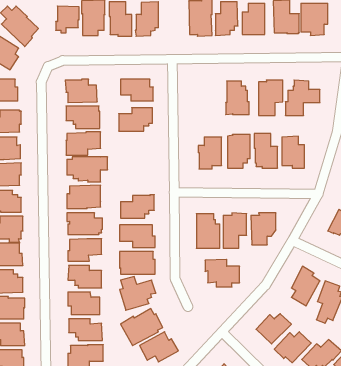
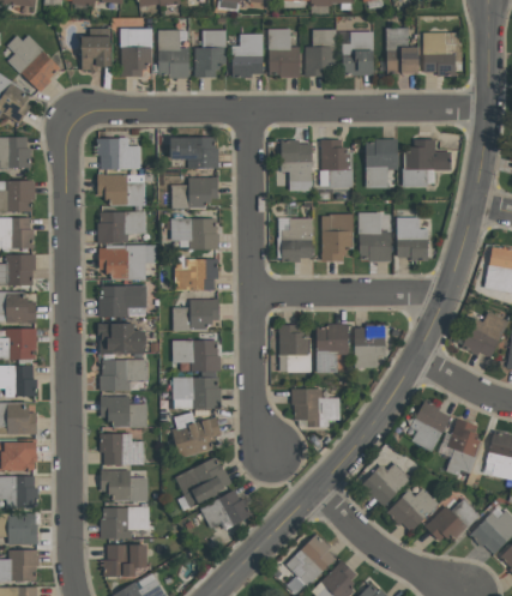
building: none -> [231,32,263,77]
building: none -> [279,139,312,191]
building: none -> [170,217,218,248]
building: none -> [174,258,218,290]

